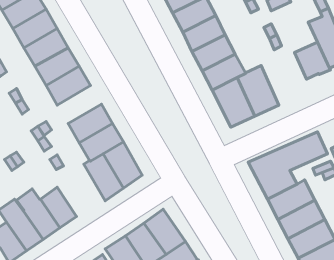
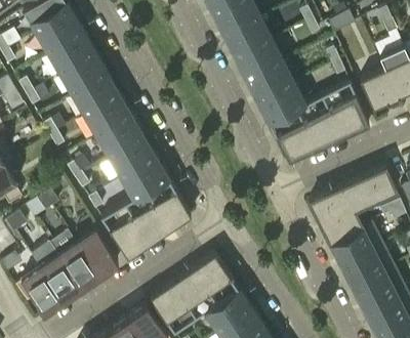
building: none -> [322,81,368,137]
building: none -> [95,116,145,158]
building: none -> [99,203,149,258]

